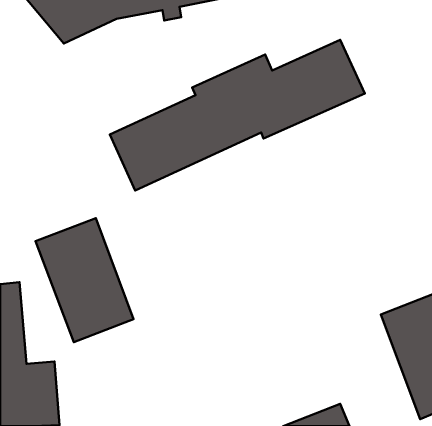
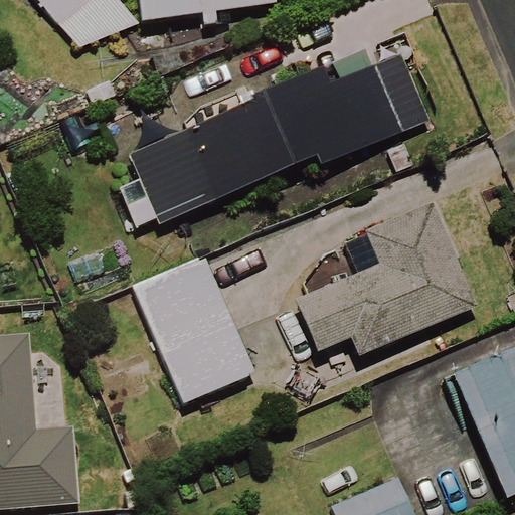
building: none -> [292,207,471,353]
building: [36,218,133,342] -> [134,254,249,401]

